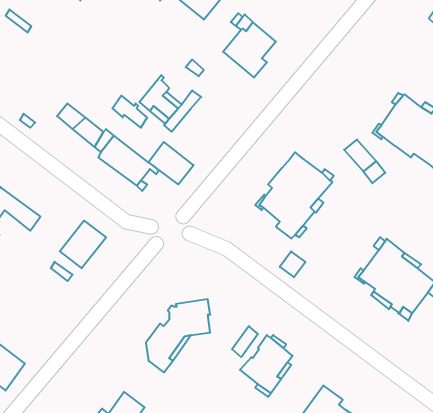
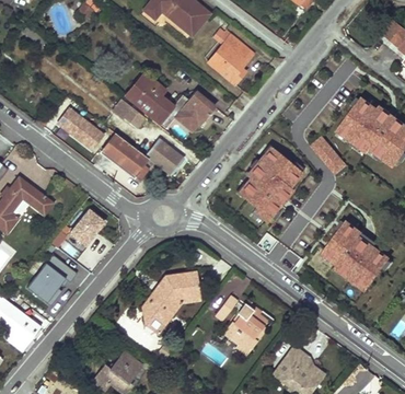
building: none -> [125,72,155,105]
building: none -> [175,92,215,131]
building: none -> [28,253,78,302]

